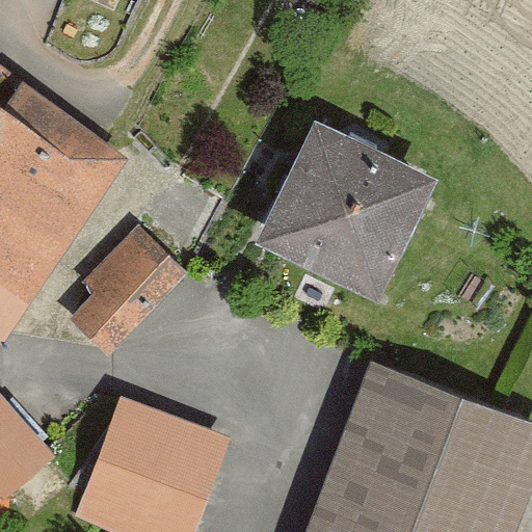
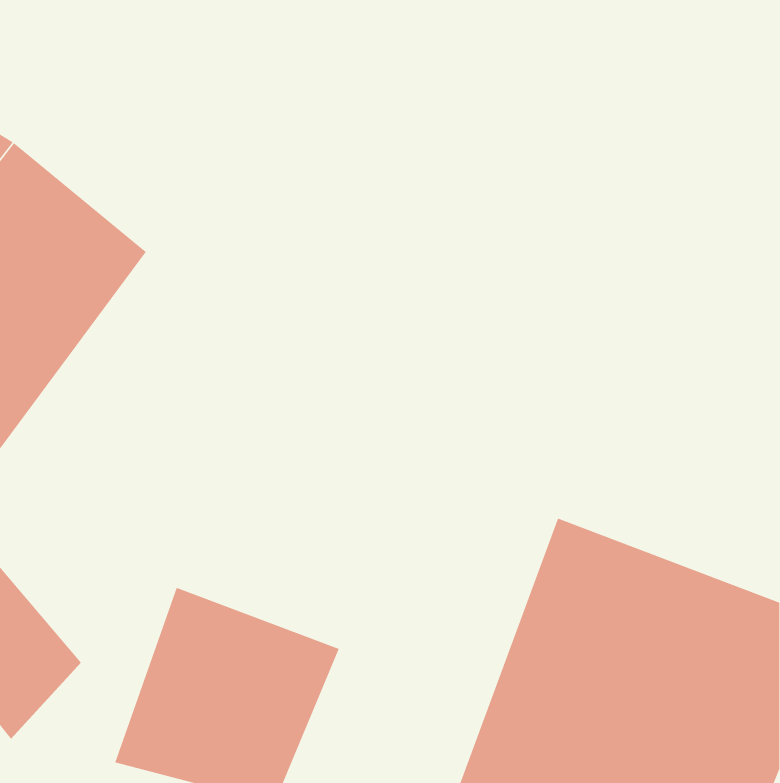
building: [256,119,446,316] -> none
building: [63,227,185,350] -> none

